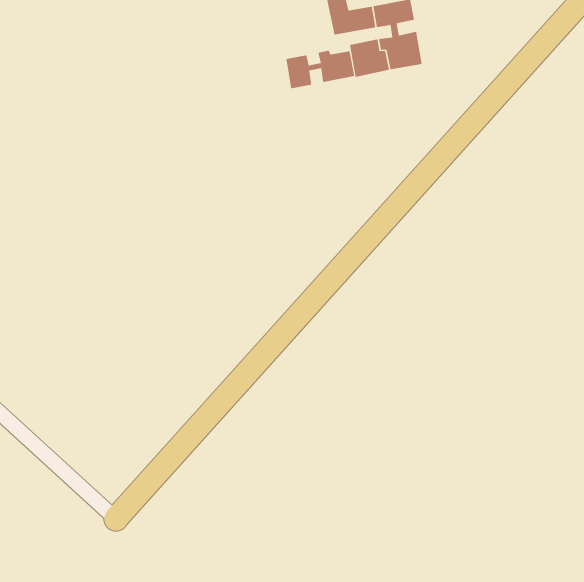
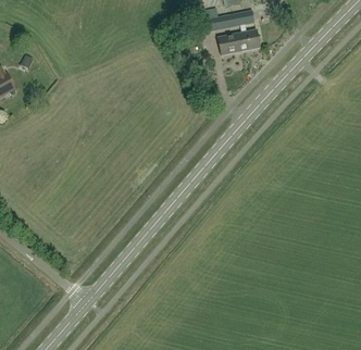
building: [286,50,355,89] -> none

